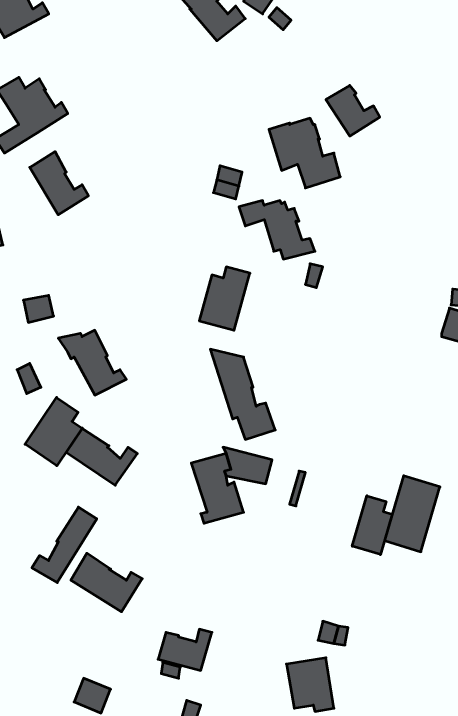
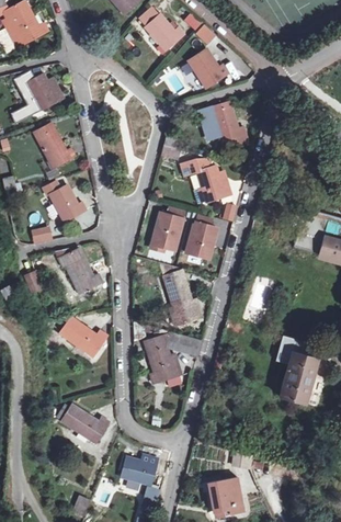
building: [326,85,380,136] -> [189,50,226,86]
building: none -> [49,185,87,223]
building: none -> [185,213,217,258]
building: [25,397,82,466] -> none
building: [352,496,392,555] -> none
building: [32,507,97,583] -> none

